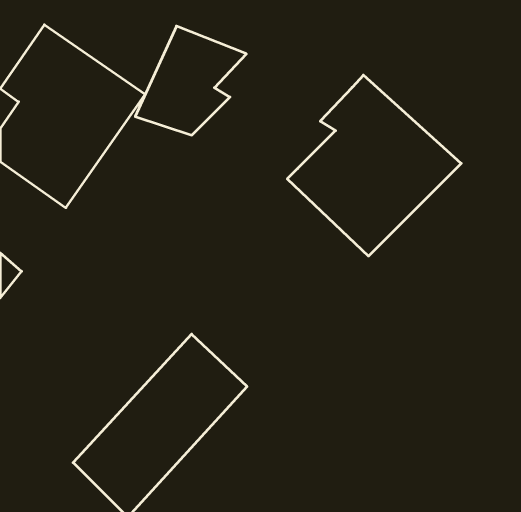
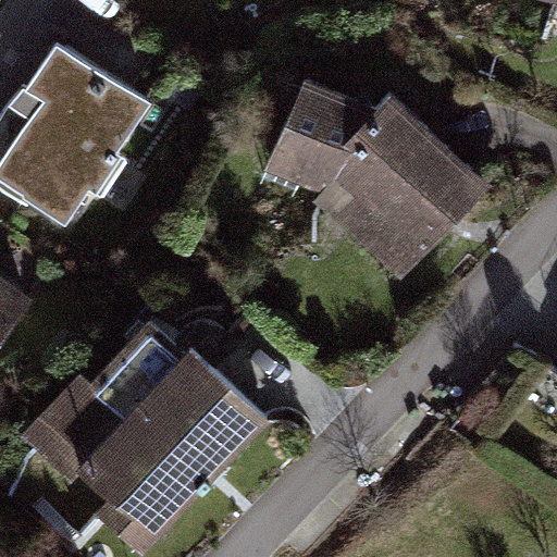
building: [135,26,246,135] -> [260,77,377,193]
building: none -> [17,318,208,494]

